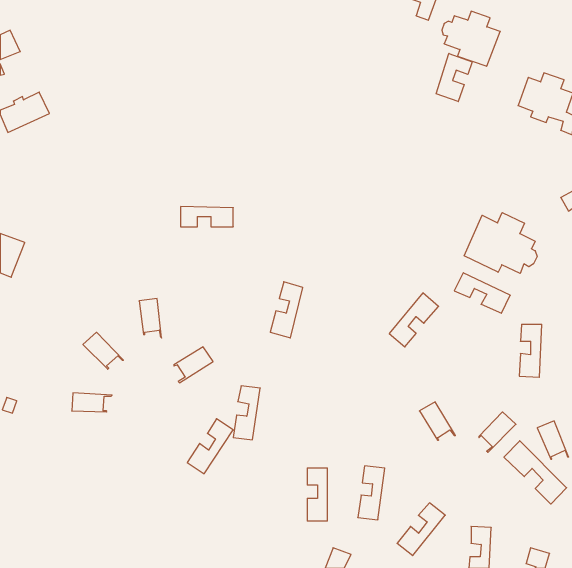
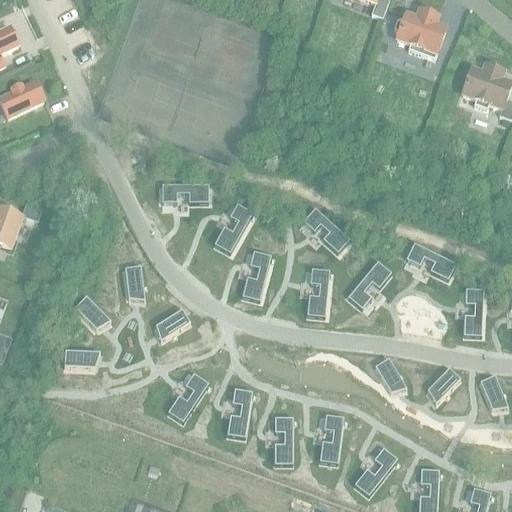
building: [436,53,472,102] -> none
building: [464,213,537,273] -> none
building: none -> [215,204,253,253]
building: none -> [303,208,350,253]
building: none -> [307,269,330,317]
building: [233,386,260,440] -> [228,389,252,437]
building: [504,441,567,504] -> none

